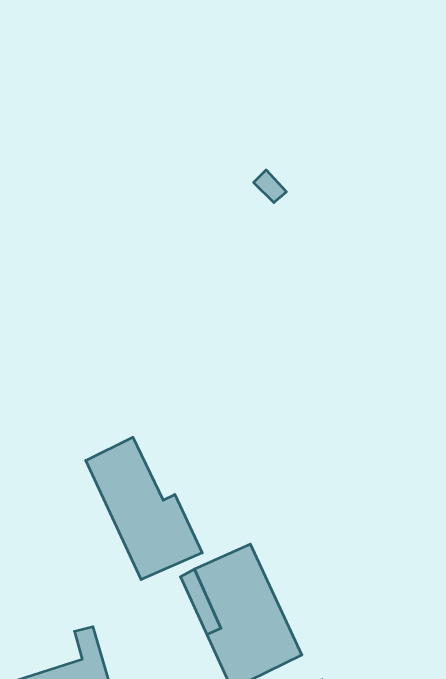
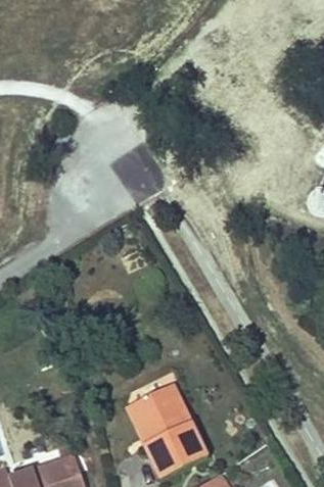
building: [86,437,202,580] -> none

